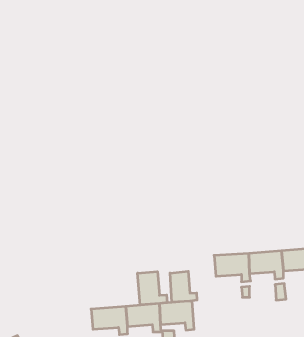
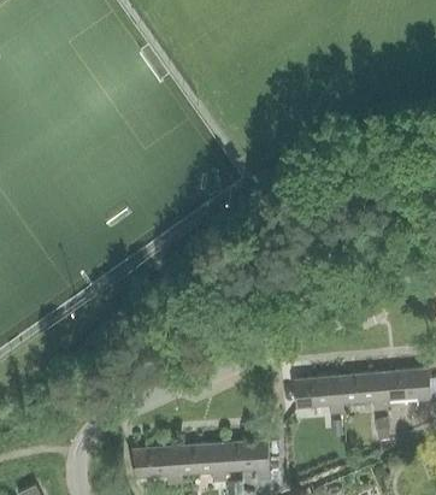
building: [170,271,197,302] -> none
building: [138,272,167,305] -> none

